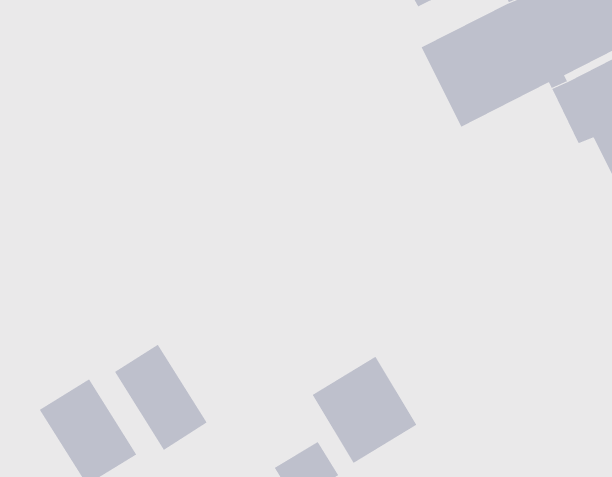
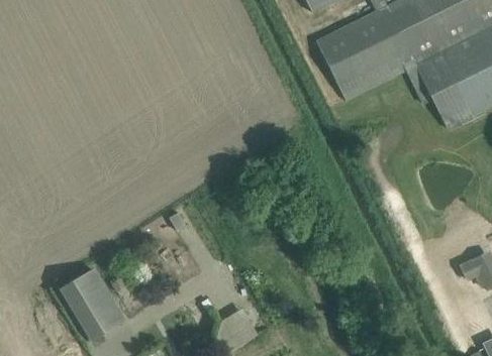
building: [114,344,208,451] -> none
building: [312,356,417,464] -> none

